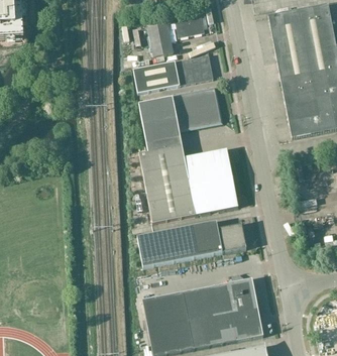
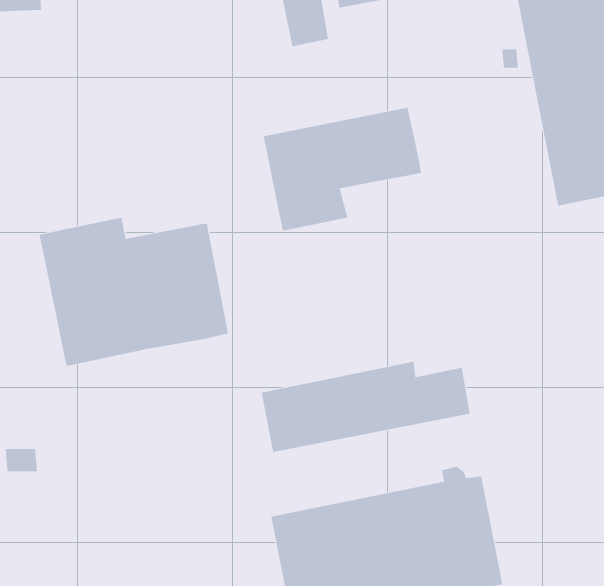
building: [133,53,213,93] -> none
building: [139,144,238,222] -> [39,217,229,367]

